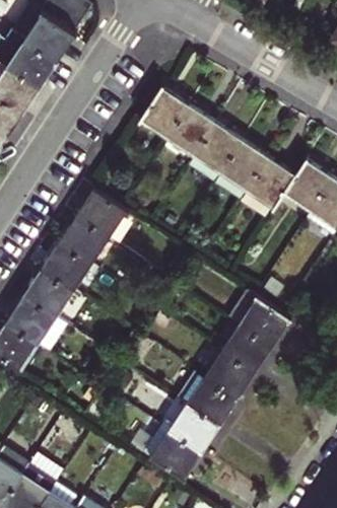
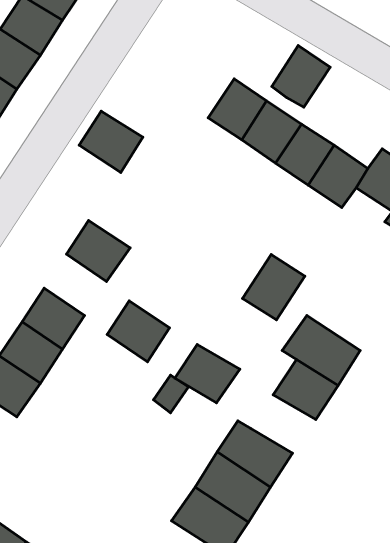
building: none -> [272,45,330,107]
building: [141,88,190,138] -> none
building: [76,192,126,239] -> [79,111,143,172]
building: [42,244,90,292] -> [107,301,170,362]
building: none -> [243,255,305,320]
building: [203,354,254,400] -> [175,344,240,403]

